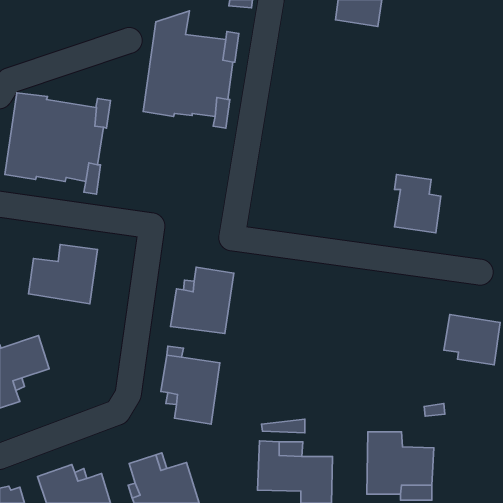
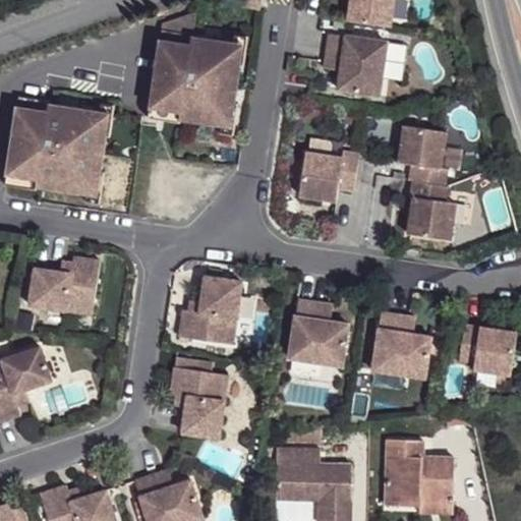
building: none -> [322,34,388,98]
building: none -> [399,125,447,185]
building: none -> [299,152,359,200]
building: none -> [288,300,350,369]
building: none -> [371,312,433,381]

